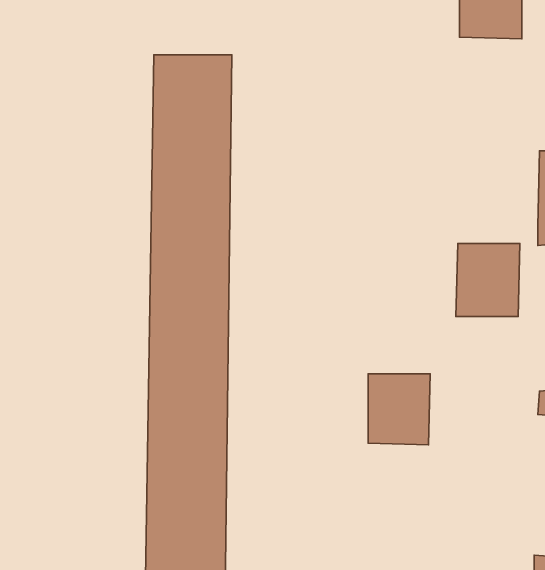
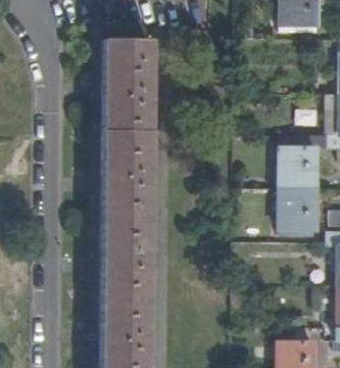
building: [368,374,430,445] -> [281,190,317,231]

